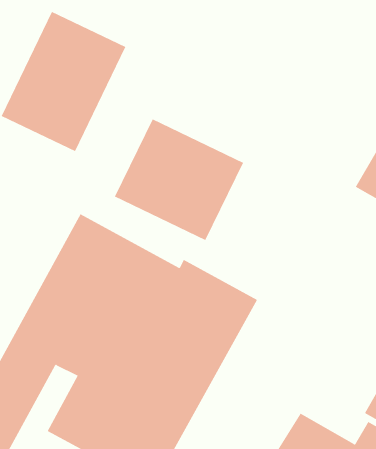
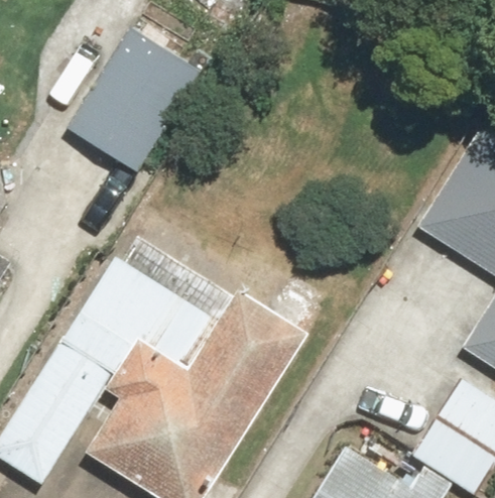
building: [114,118,244,241] -> none

